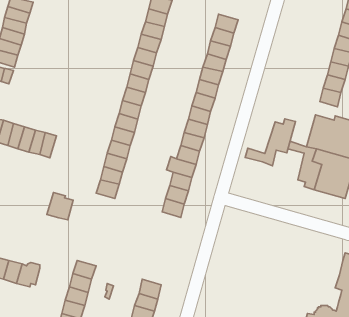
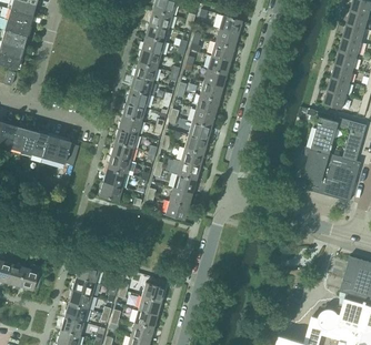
building: [245,119,295,166] -> none
building: [47,192,73,220] -> [52,139,79,166]

